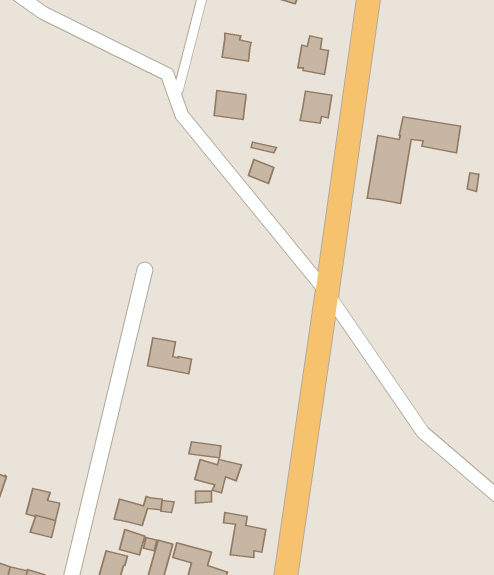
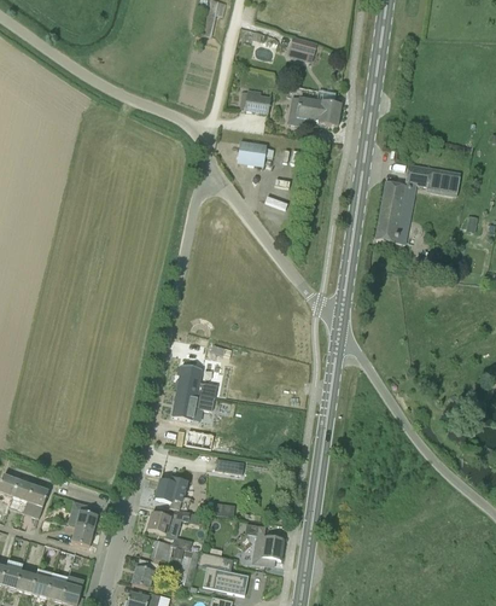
building: [300,91,332,123] -> [287,95,316,124]
building: none -> [171,390,214,419]
building: [195,459,241,493] -> [154,479,197,509]

